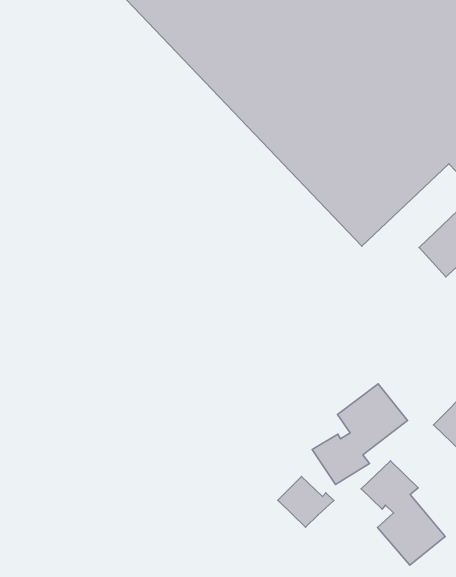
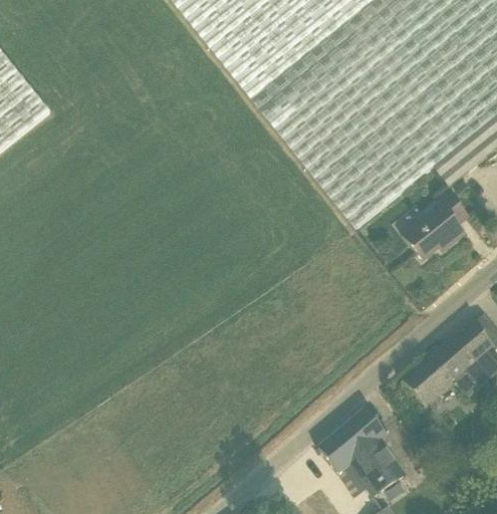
building: [312,384,407,484] -> none
building: [278,476,334,527] -> [317,429,363,471]

